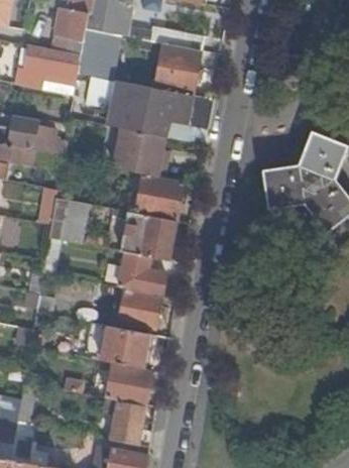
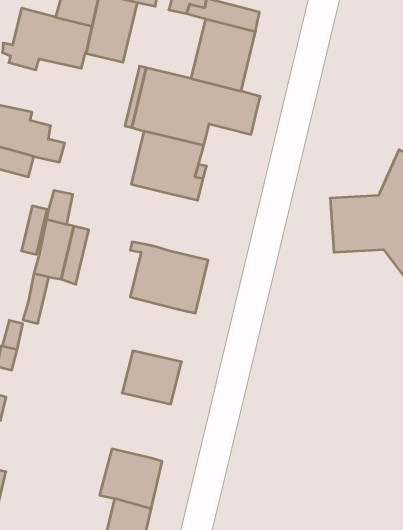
building: [134,173,184,221] -> none
building: [119,252,164,295] -> none
building: [86,324,148,368] -> none

